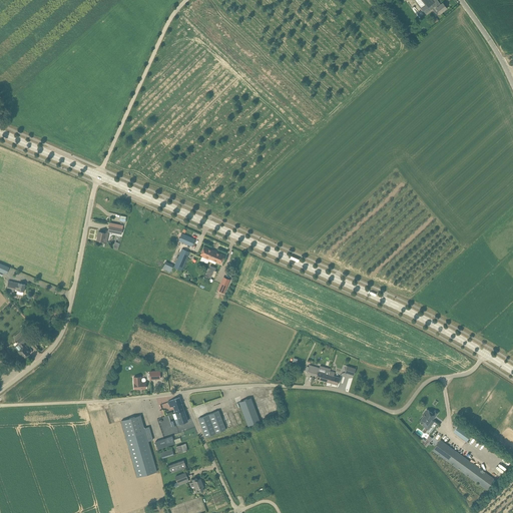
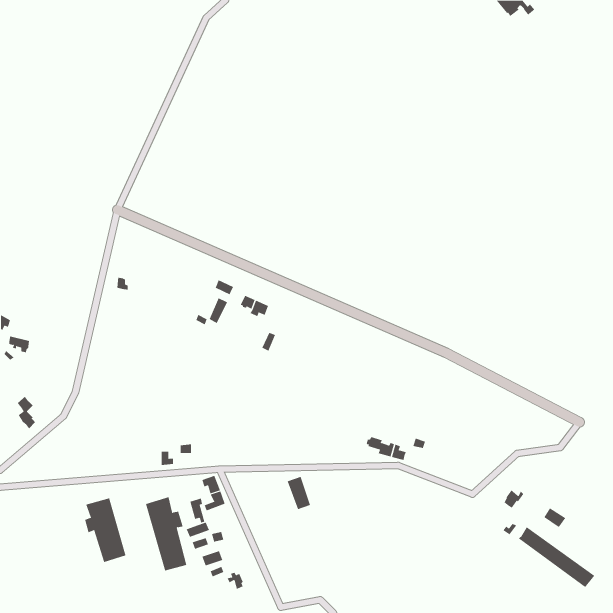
building: [198,411,225,437] -> none
building: none -> [85,498,126,563]

